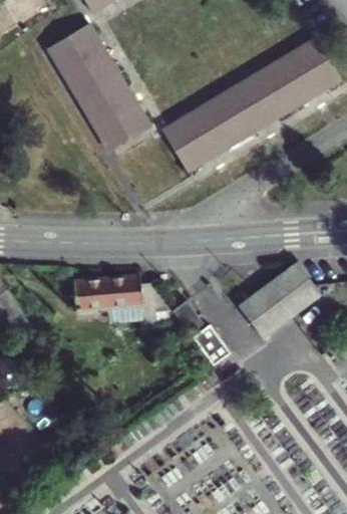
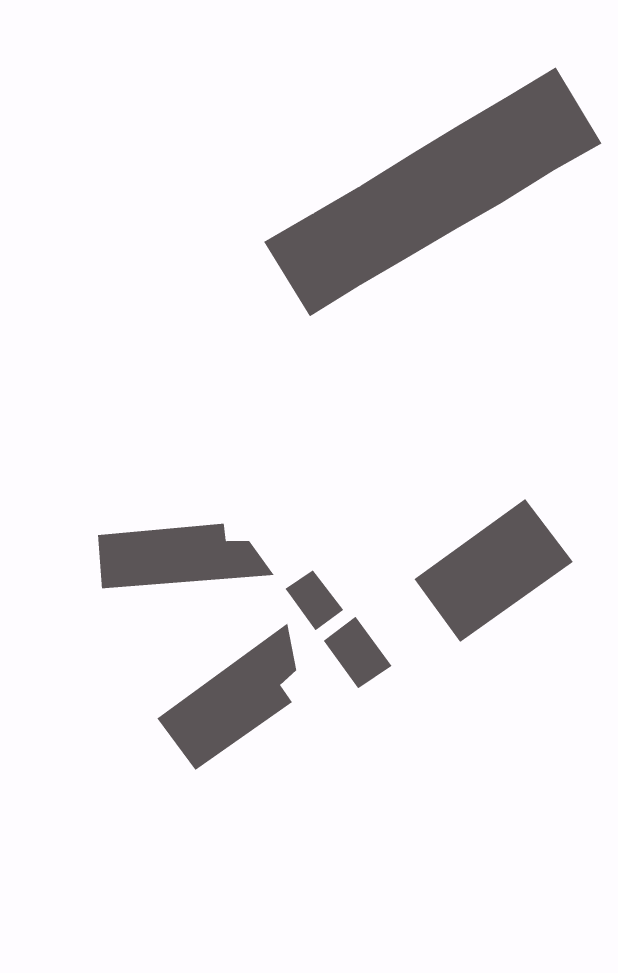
building: [46,24,146,149] -> none
building: none -> [157,623,297,771]

